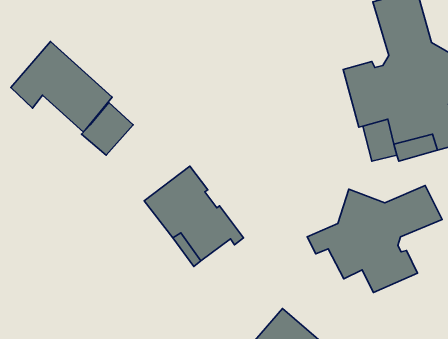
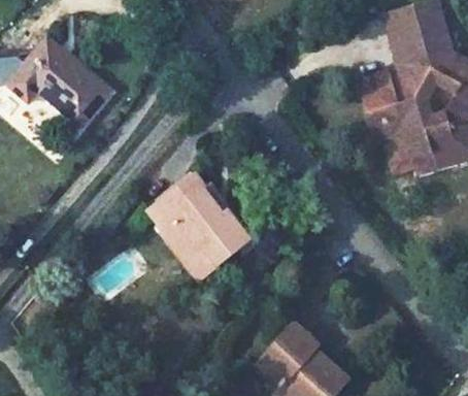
building: [81,103,133,155] -> none
building: [307,185,442,292] -> none

